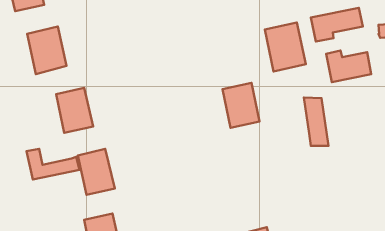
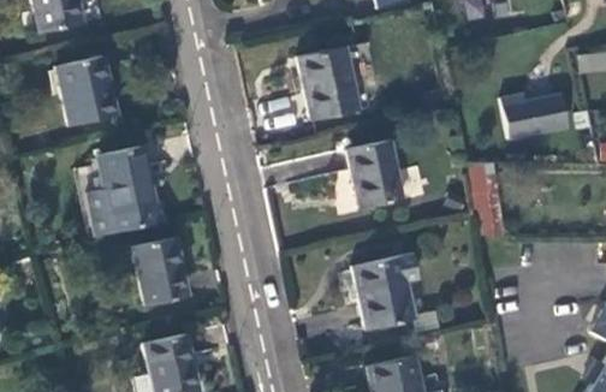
building: [311,8,363,42] -> none
building: [265,22,306,72] -> [298,44,360,118]
building: [26,149,80,179] -> [88,191,167,237]
building: none -> [355,255,420,331]

